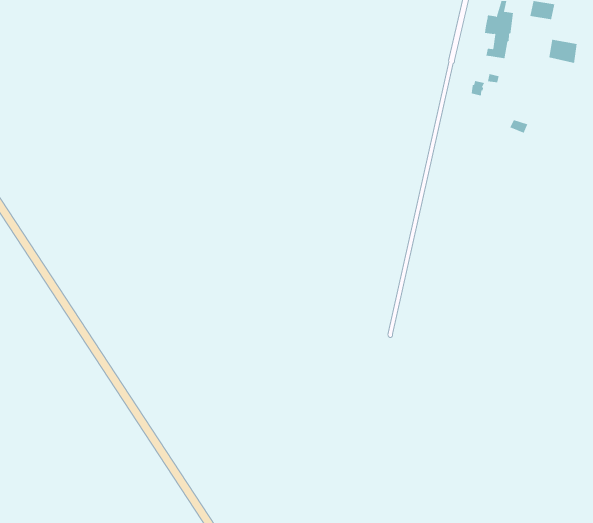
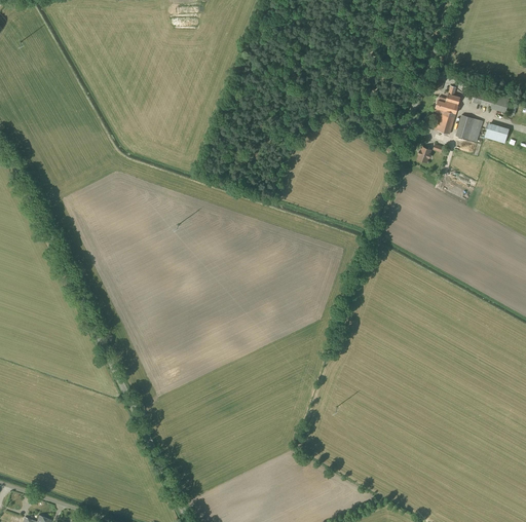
building: none -> [455,115,483,142]

